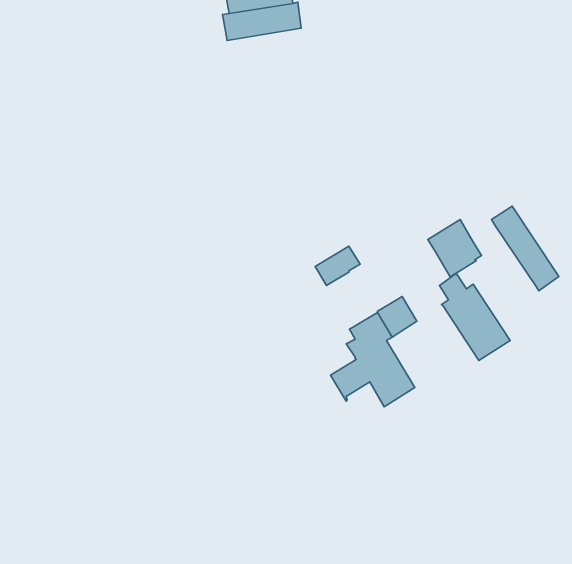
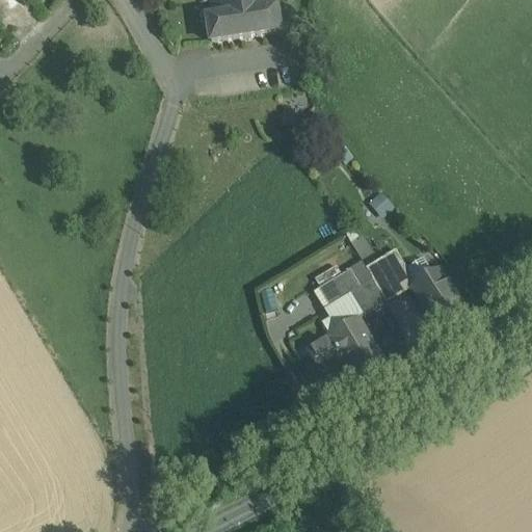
building: [491,206,559,291] -> none
building: [428,219,482,277] -> [365,244,415,297]
building: [315,246,360,286] -> [318,265,360,301]

